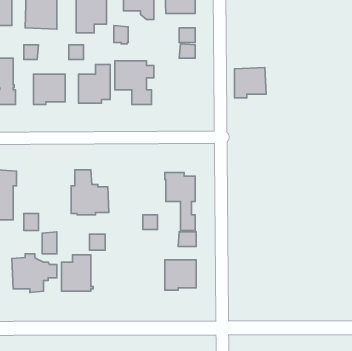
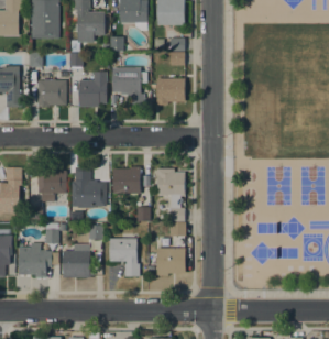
building: [235,67,266,98] -> [156,77,185,105]
building: none -> [35,166,66,200]
building: none -> [112,166,140,193]
building: none -> [109,238,139,275]

